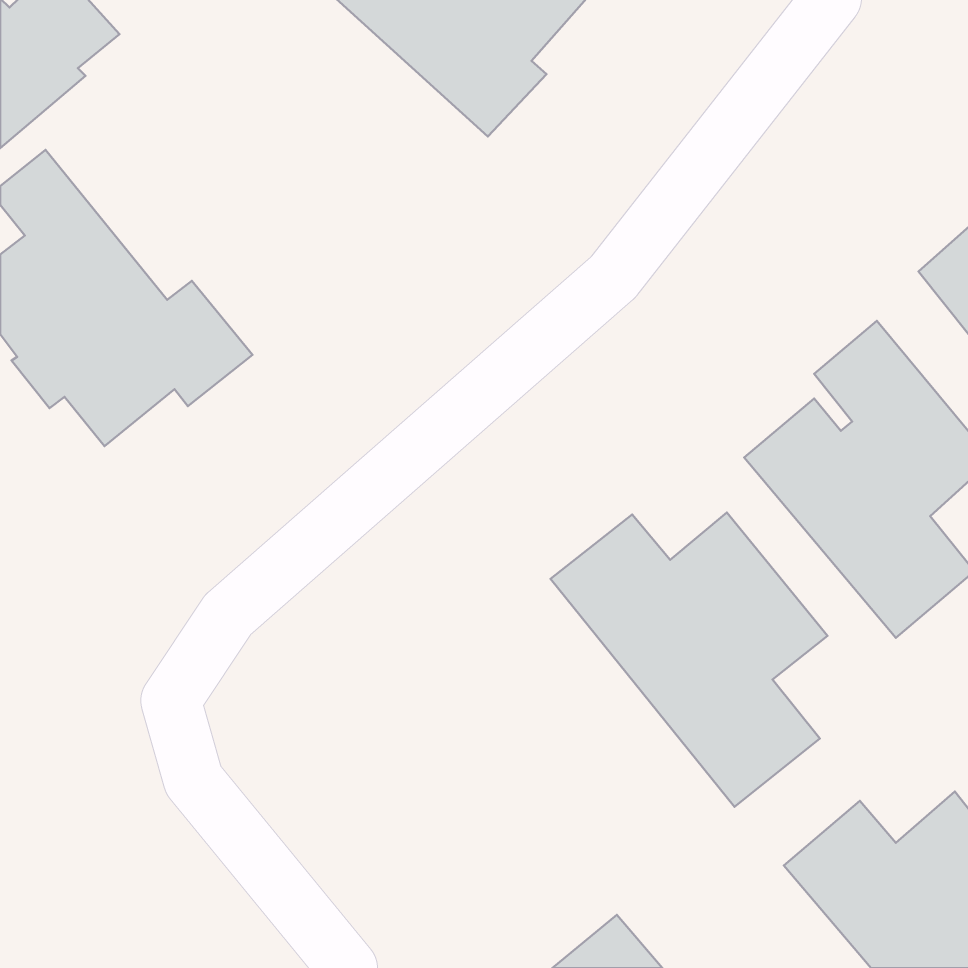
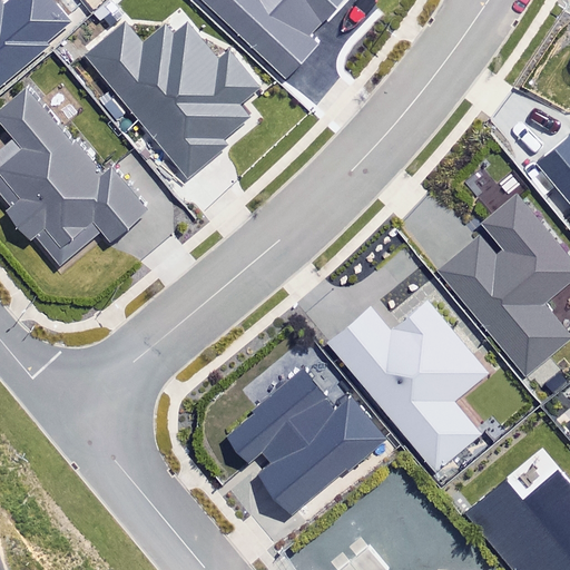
building: none -> [83,19,257,183]
building: none -> [222,371,387,511]

